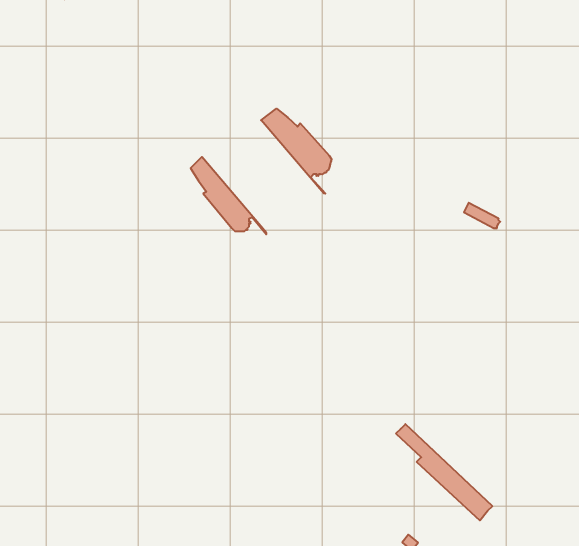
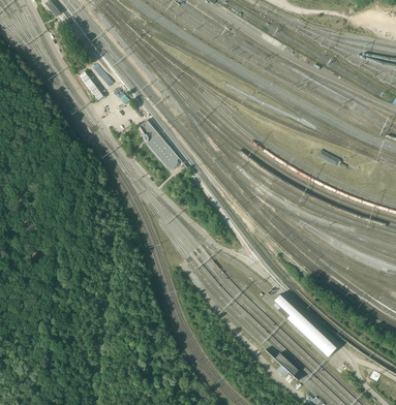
building: [261,109,332,194] -> none

